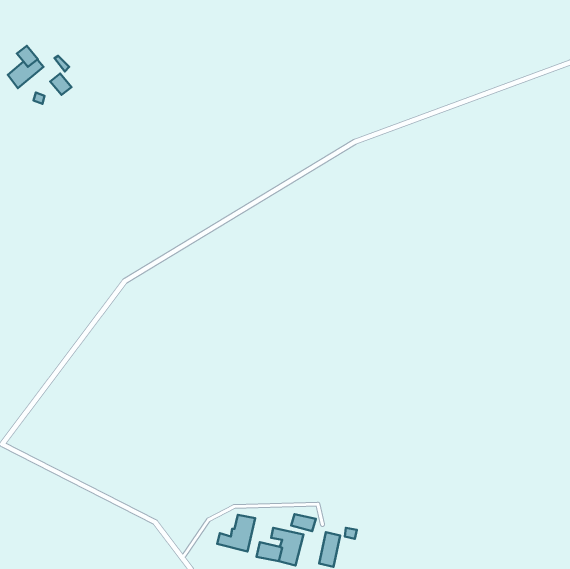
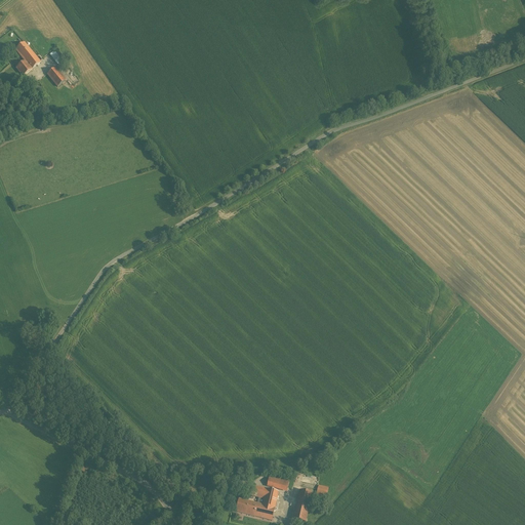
building: [217,515,255,551] -> none

